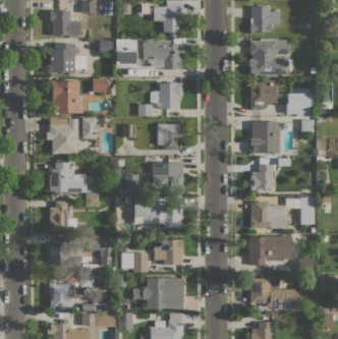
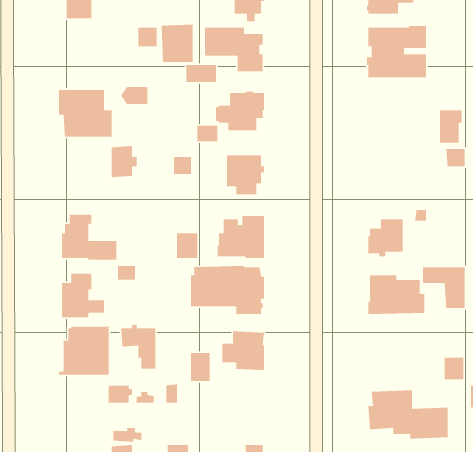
building: [47,43,76,71] -> none
building: [249,79,276,109] -> none
building: [46,118,77,153] -> none
building: [249,121,279,153] -> none
building: [248,235,291,265] -> none
building: [133,278,182,308] -> none
building: [49,282,71,308] -> none

